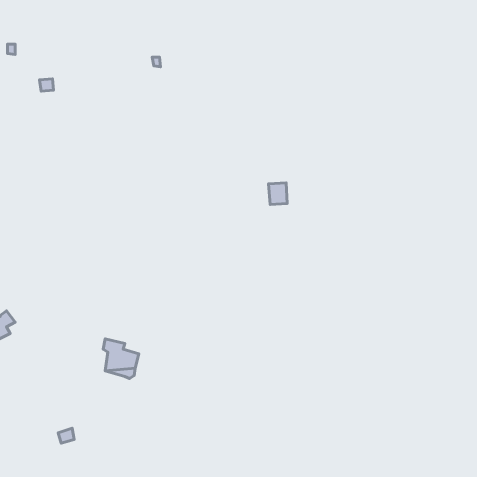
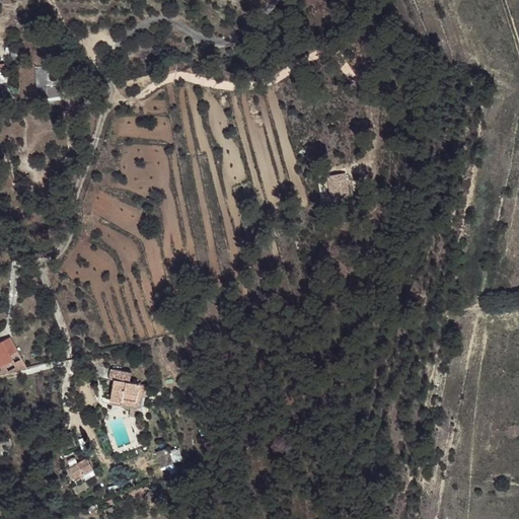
building: [268,183,287,205] -> [324,173,345,197]

